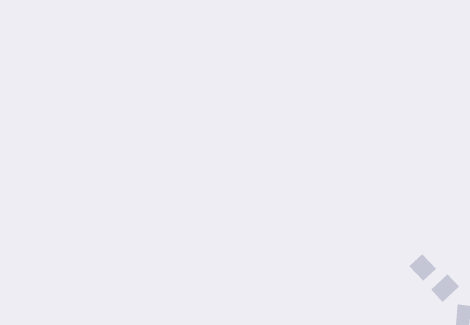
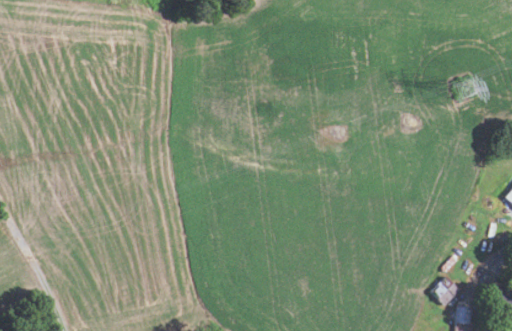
building: [409,253,437,282] -> none

